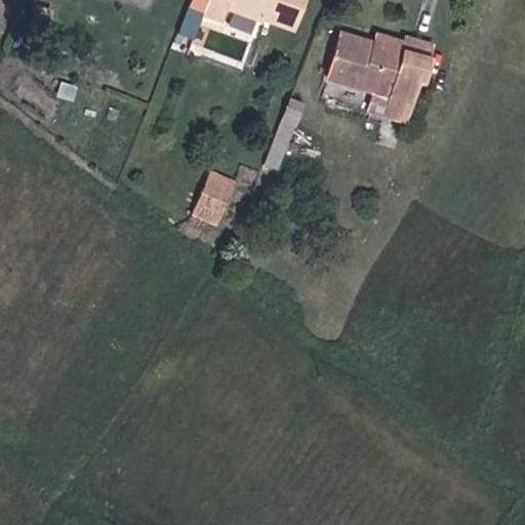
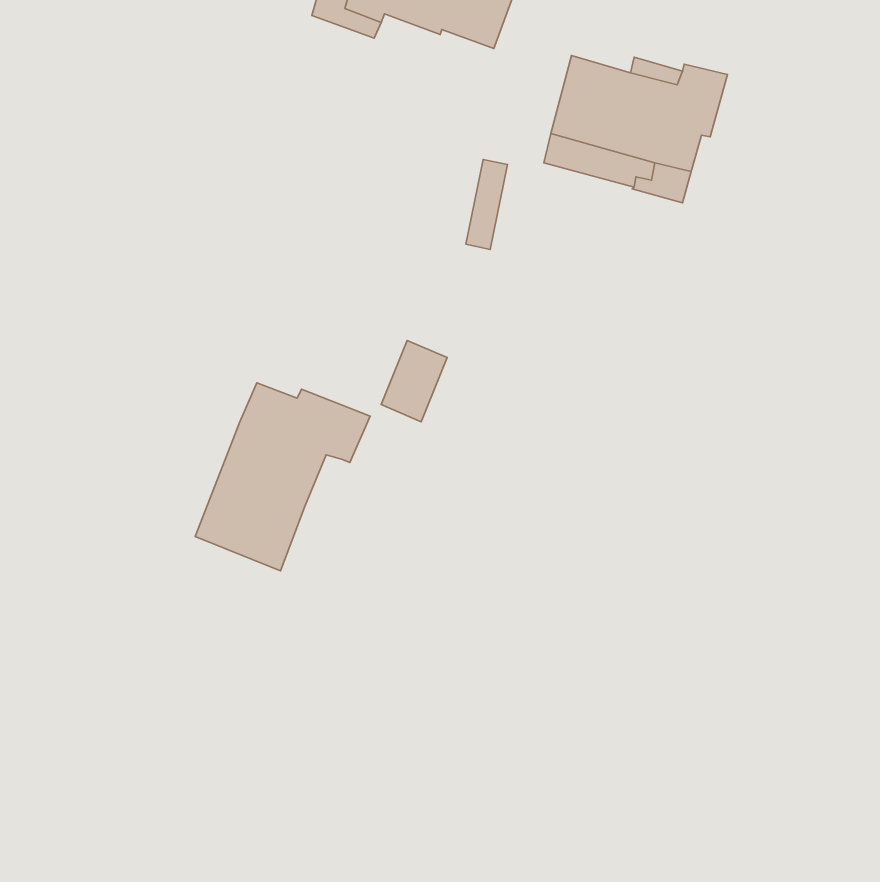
building: [195,172,234,220] -> [381,340,447,422]
building: none -> [195,383,370,571]

